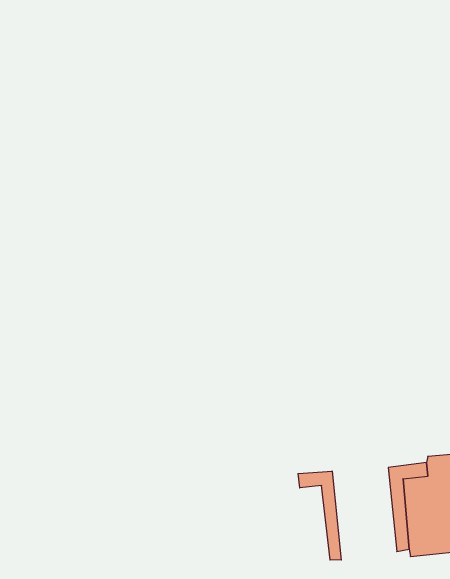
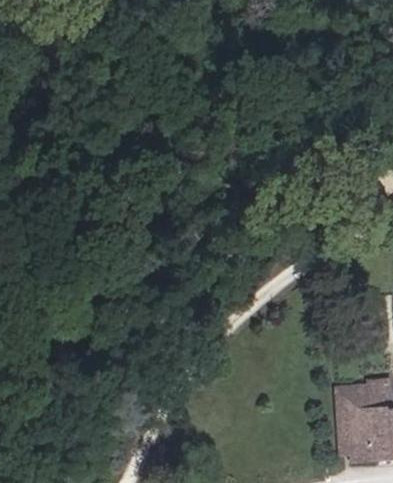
building: [298,471,341,560] -> none

